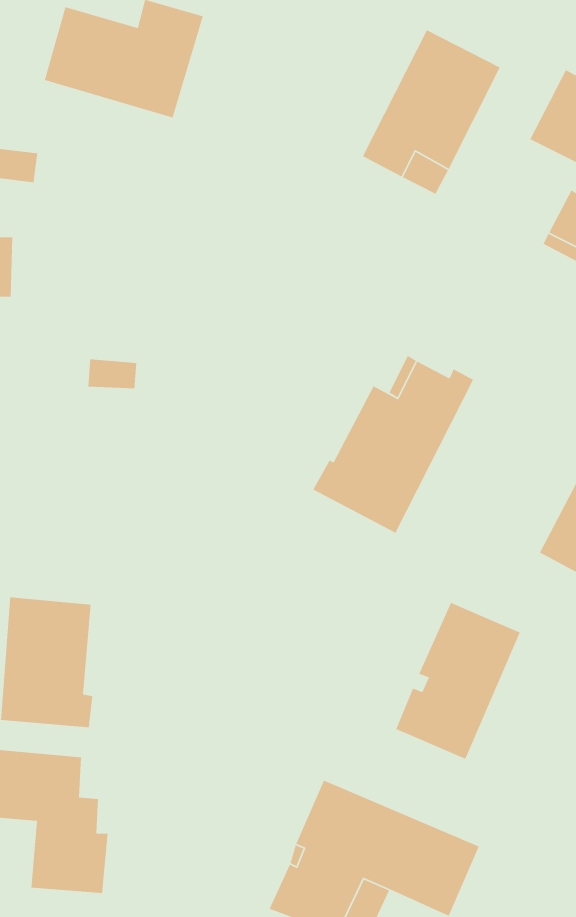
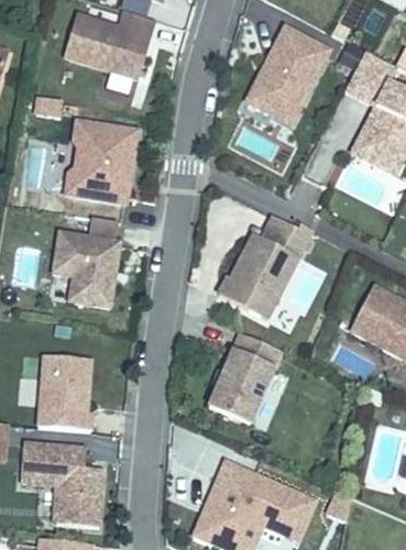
building: none -> [64,120,136,202]
building: none -> [52,231,119,306]
building: [395,602,521,760] -> [208,332,281,424]

